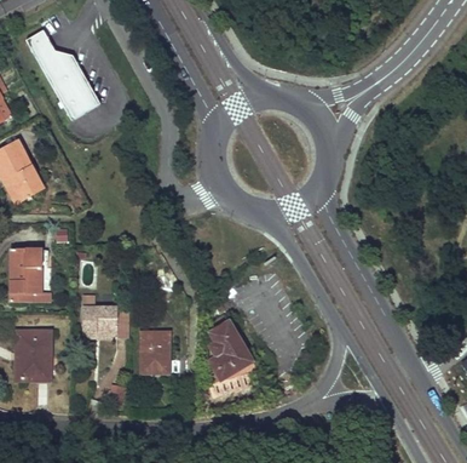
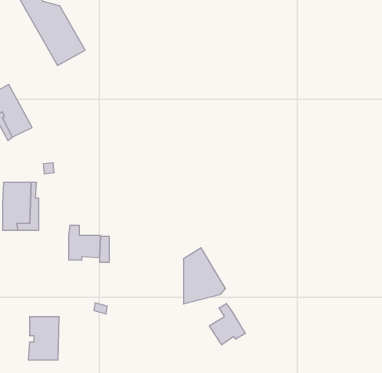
building: [16,331,50,378] -> [28,317,59,360]
building: [140,331,168,372] -> none
building: none -> [209,303,245,345]

